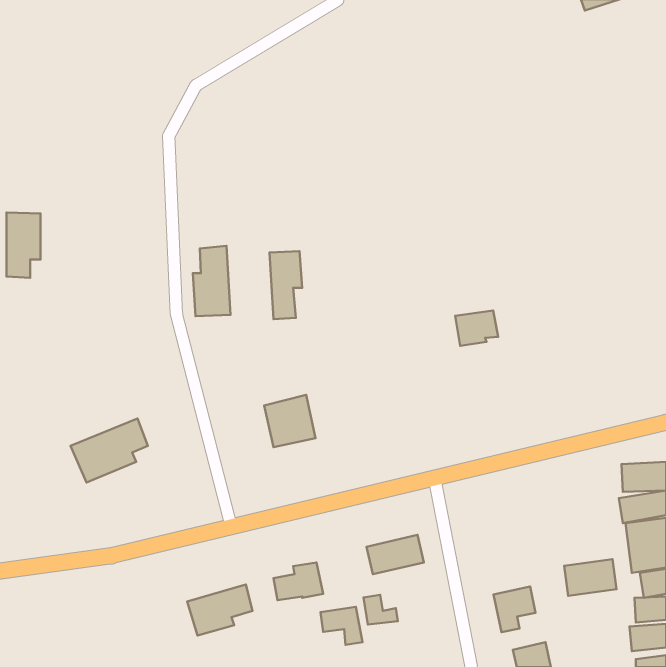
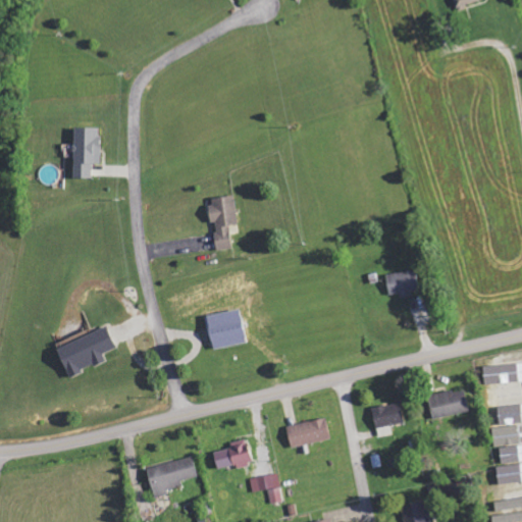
building: [6,212,40,278] -> [72,126,99,177]
building: [193,246,230,316] -> none
building: [455,311,498,346] -> [384,269,418,297]
building: [564,559,617,596] -> [427,388,468,417]
building: [493,587,535,632] -> [371,402,404,437]
building: [364,595,398,625] -> none

